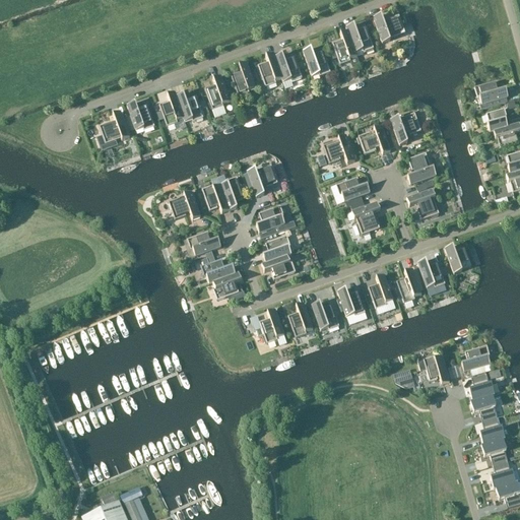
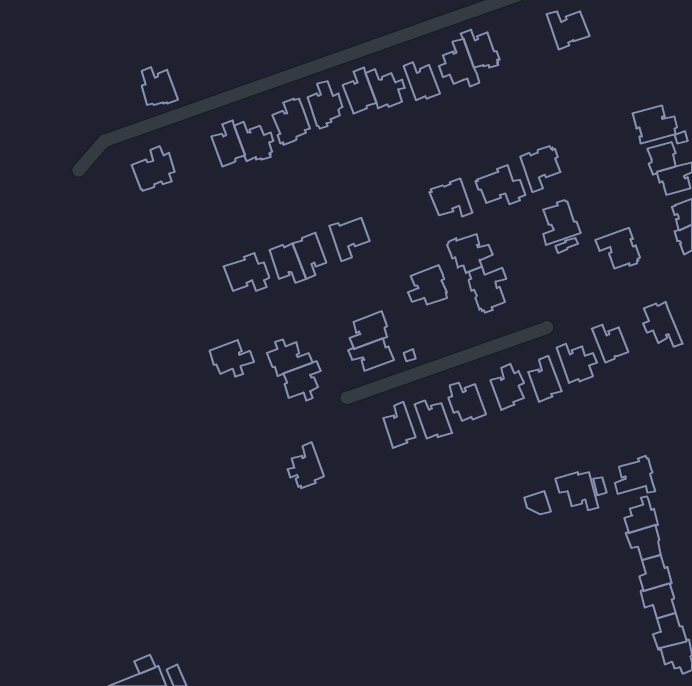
building: [373,13,405,42] -> [546,11,590,49]
building: [127,101,154,129] -> [142,67,178,105]
building: [406,188,440,218] -> [595,228,640,268]
building: [256,204,285,234] -> [408,265,447,305]
building: none -> [643,302,683,347]
building: [187,230,220,257] -> [209,340,254,377]
building: [256,308,283,342] -> [287,442,324,488]

